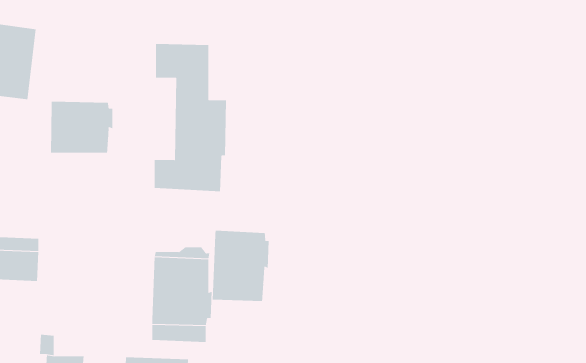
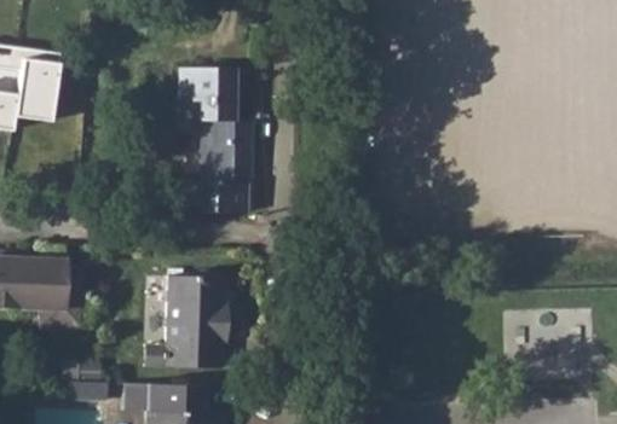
building: [51,101,113,154] -> none
building: [212,230,269,302] -> none

